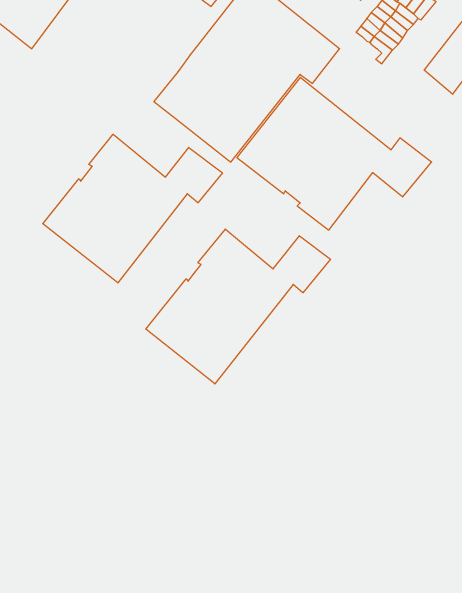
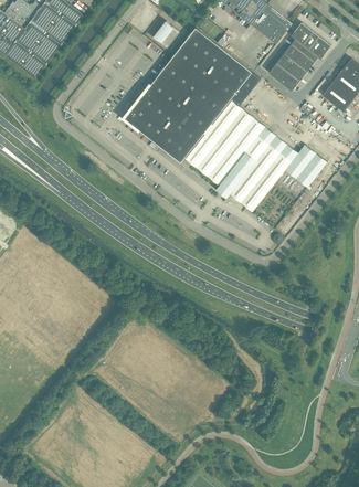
building: [43,134,222,283] -> none
building: [146,229,330,384] -> none

